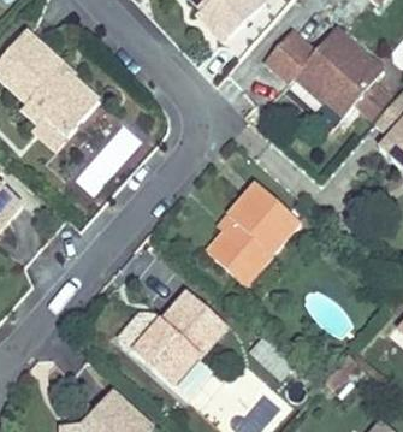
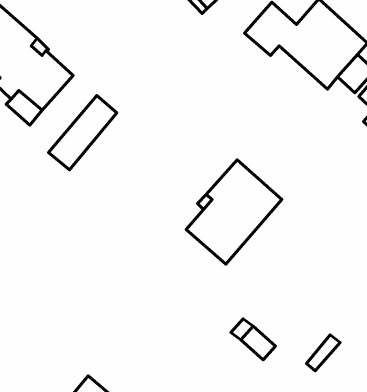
building: [134,290,226,385] -> none

